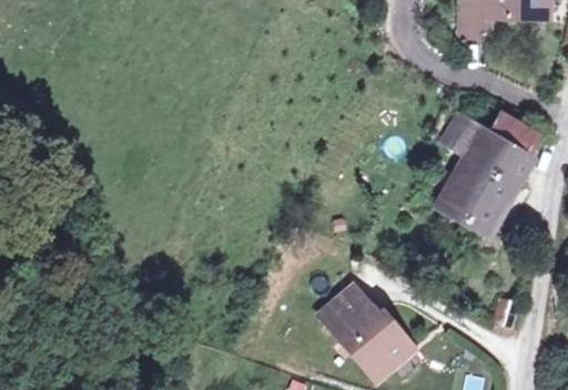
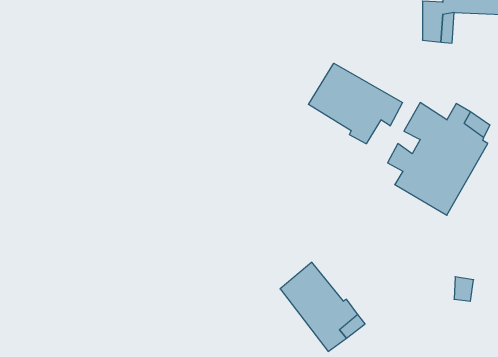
building: none -> [308,63,403,144]

